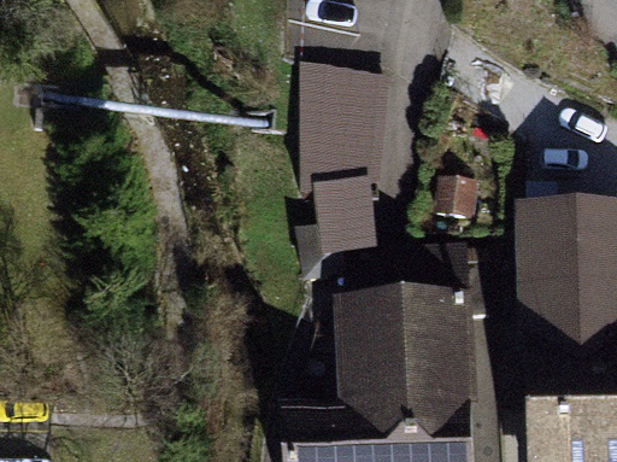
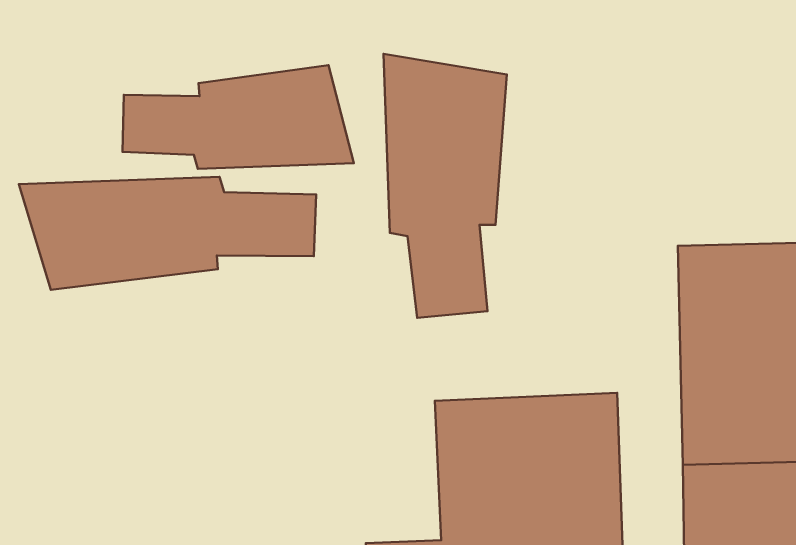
building: none -> [122,65,354,169]
building: none -> [19,177,316,290]

